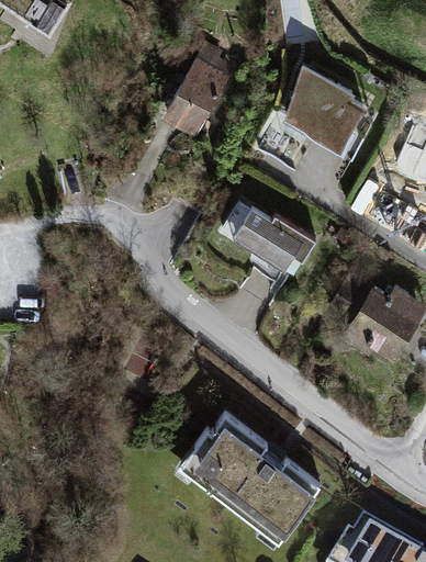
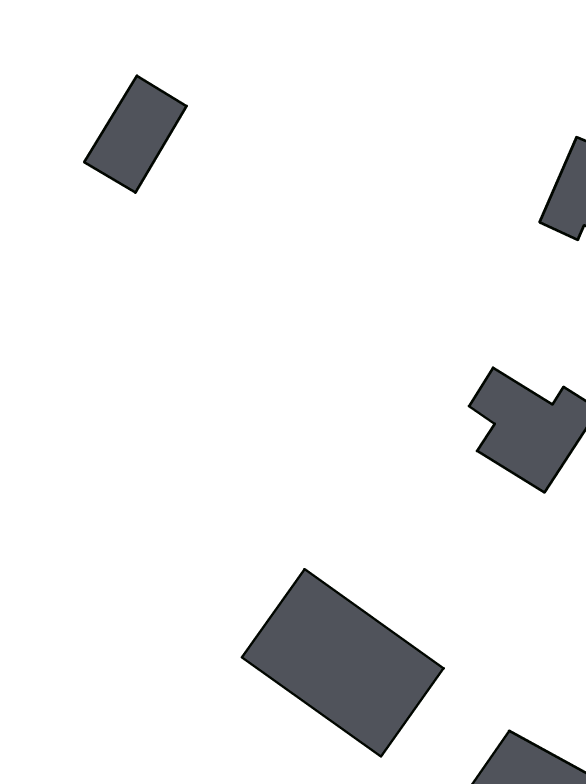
building: [161,60,232,140] -> [84,76,187,193]
building: [284,75,361,148] -> none
building: [222,196,315,277] -> none

